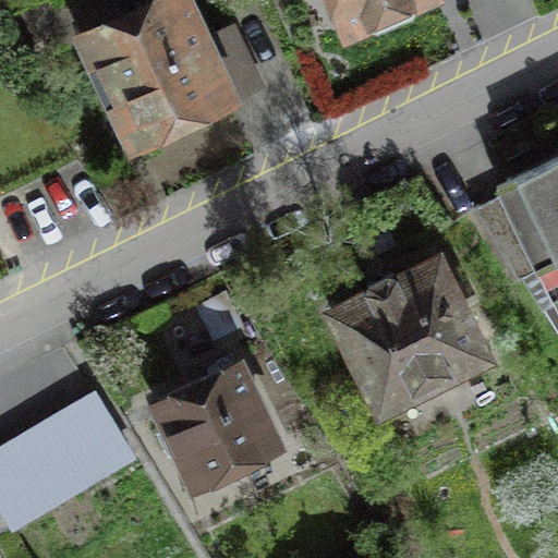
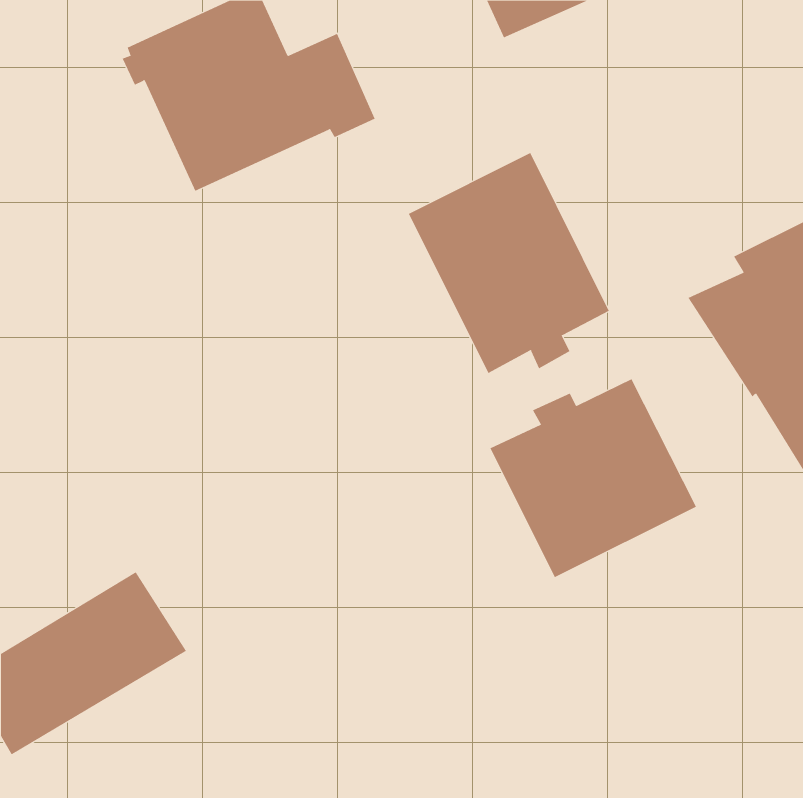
building: none -> [408,152,609,374]
building: [159,367,279,485] -> none

